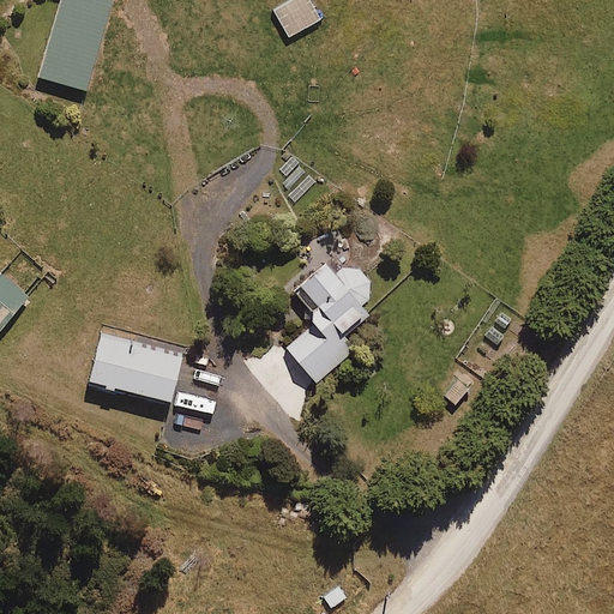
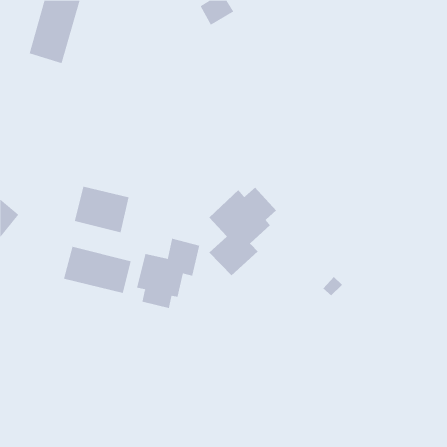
building: none -> [74,186,129,233]
building: none -> [137,238,200,309]

